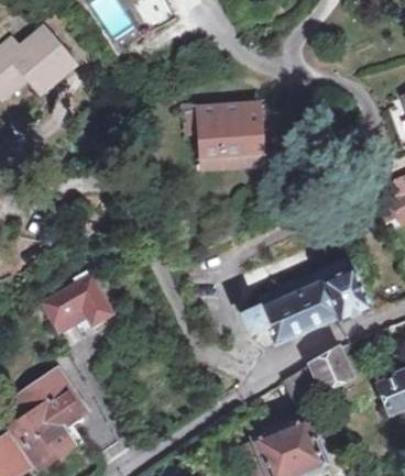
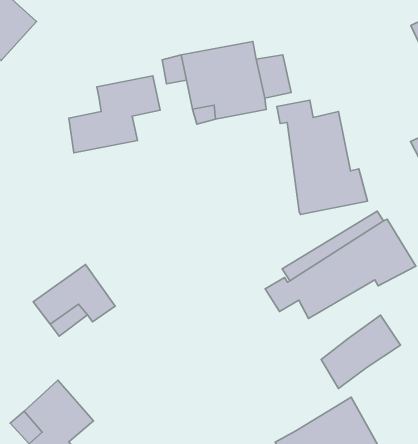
building: none -> [69,76,160,153]
building: none -> [277,100,368,214]

